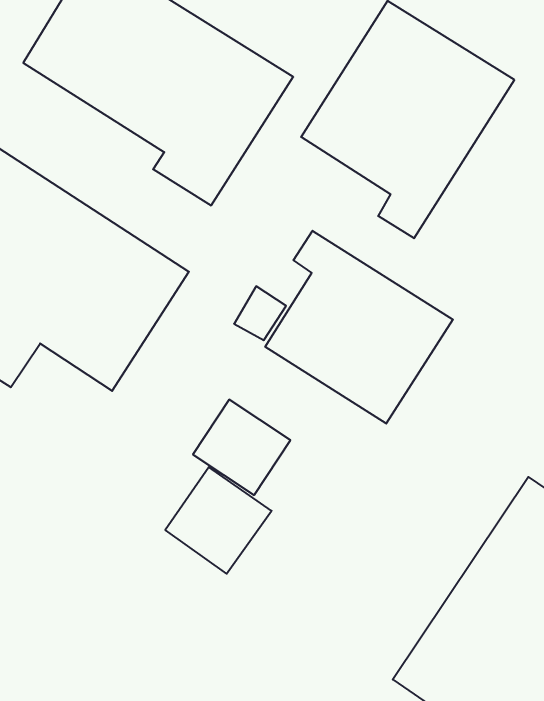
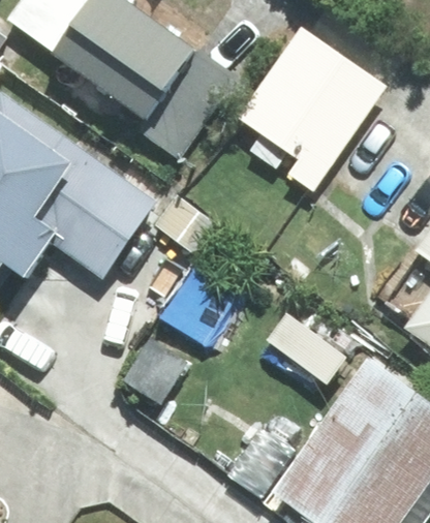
building: [265,231,453,424] -> none

